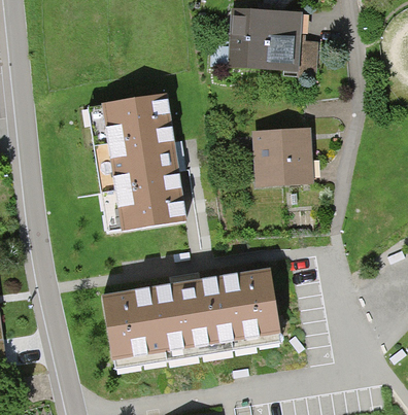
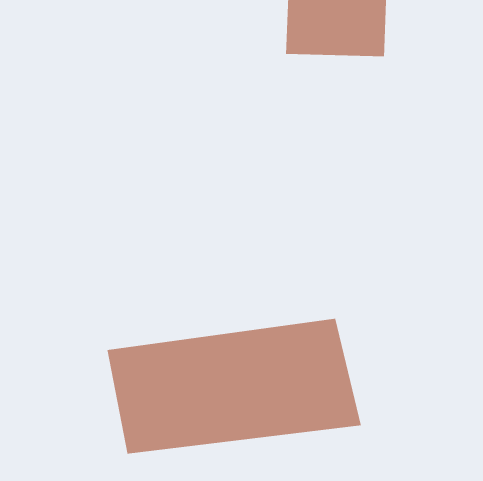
building: [104,97,186,241] -> none
building: [254,131,311,184] -> none

